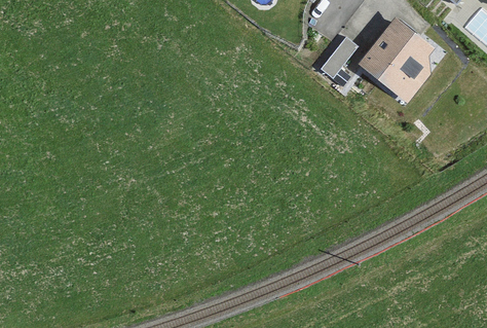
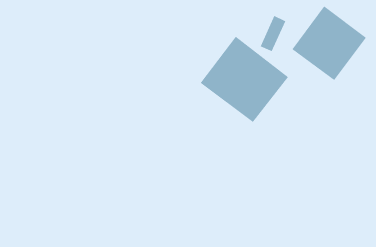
building: none -> [200,36,289,123]

